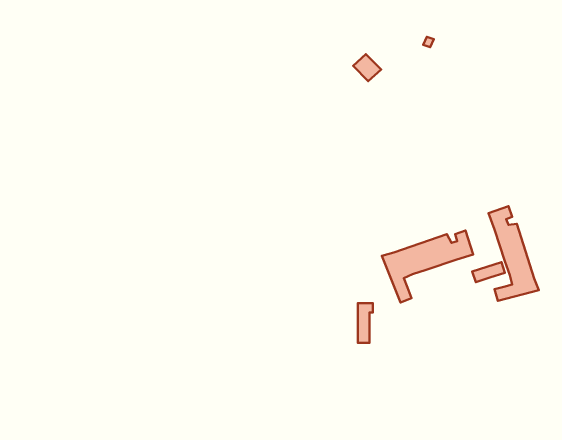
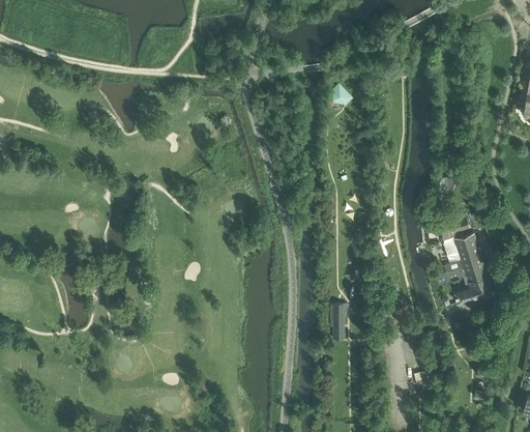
building: [382,231,473,302] -> none

